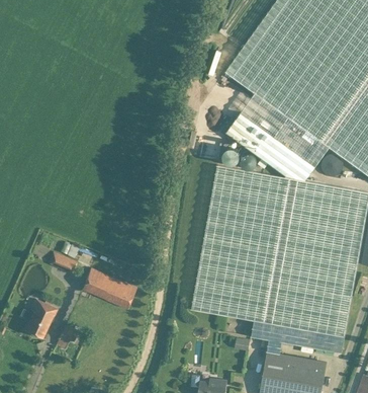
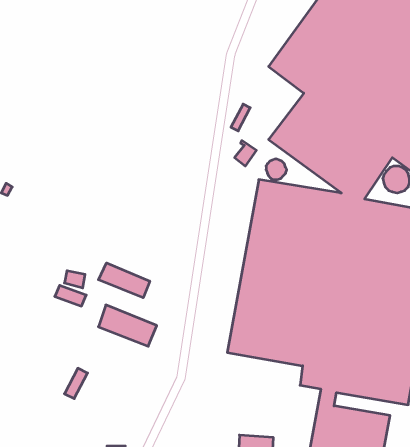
building: none -> [98,263,150,298]
building: [24,298,60,339] -> none

